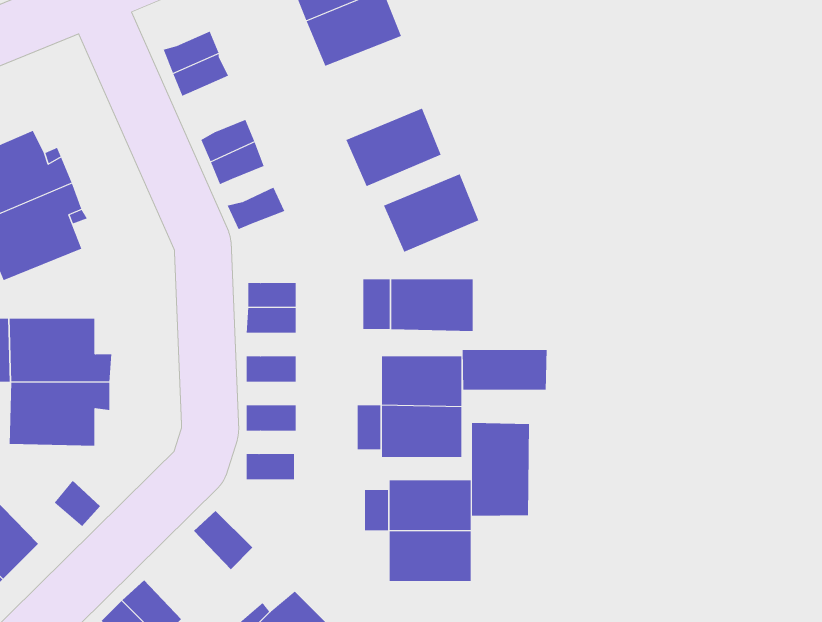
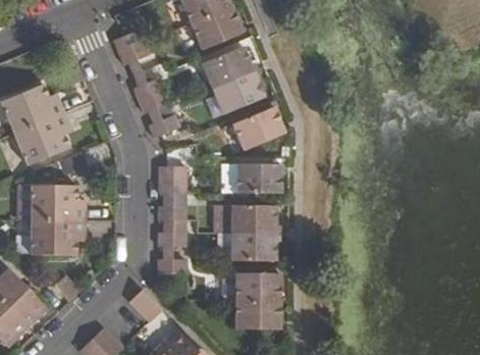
building: none -> [202,46,254,89]
building: [462,349,547,391] -> none
building: [472,422,529,517] -> none

